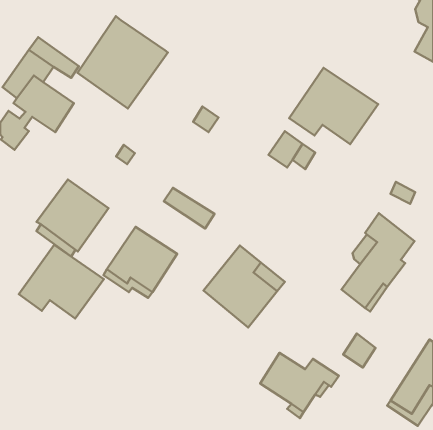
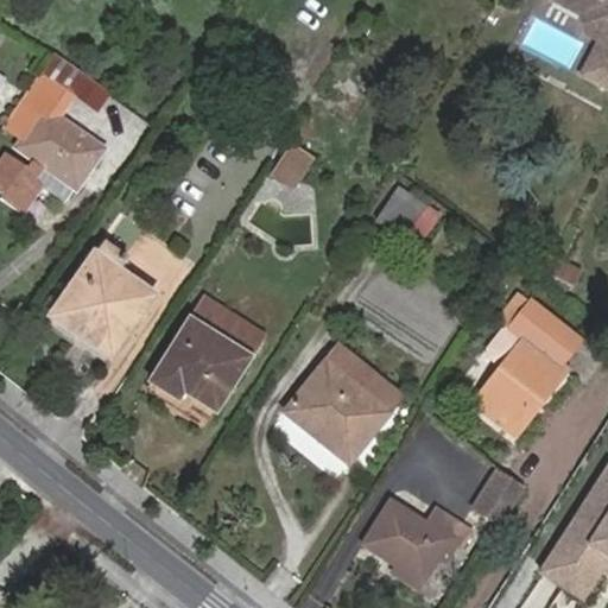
building: [78,16,168,108] -> none
building: [289,68,378,144] -> none
building: [164,188,215,228] -> [190,299,261,356]
building: [19,245,104,319] -> none

